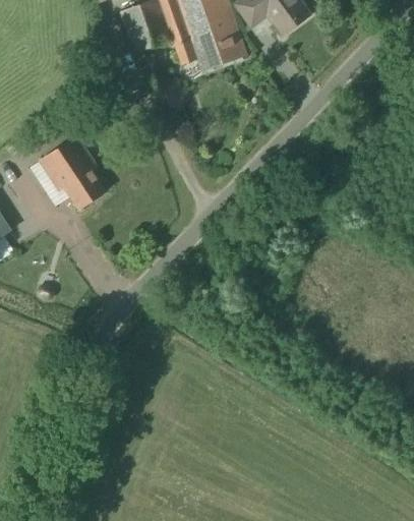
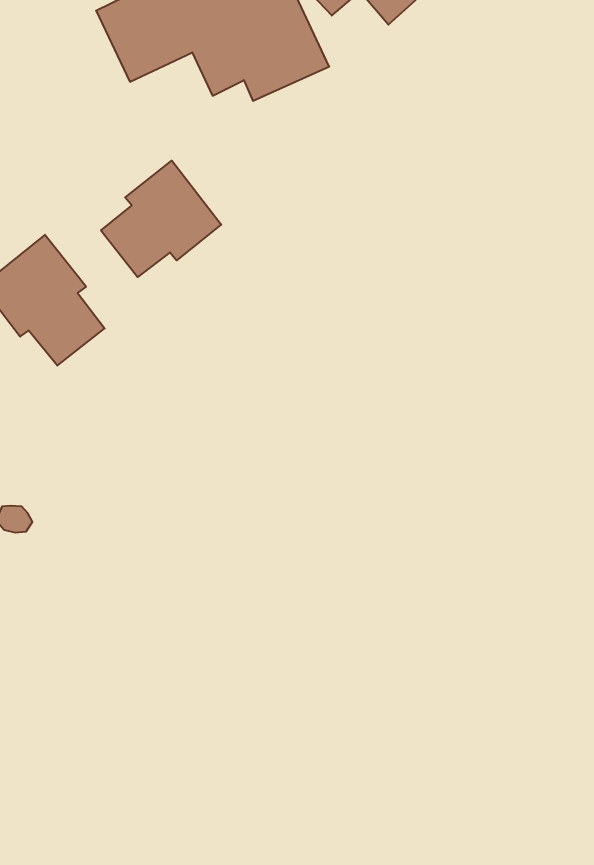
building: none -> [101,161,221,277]

